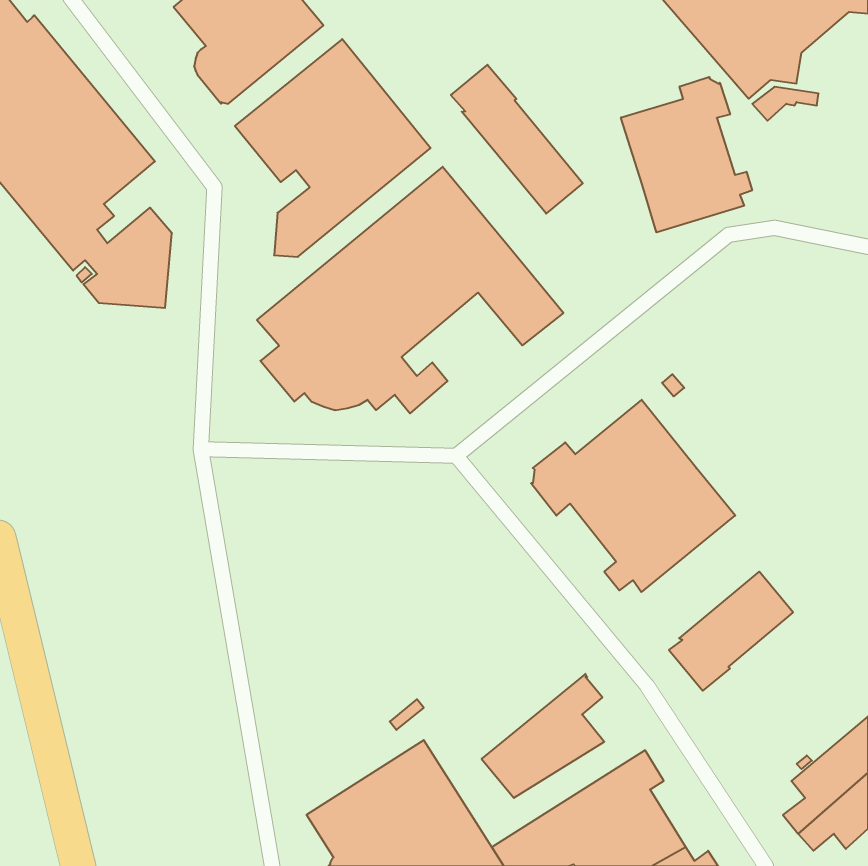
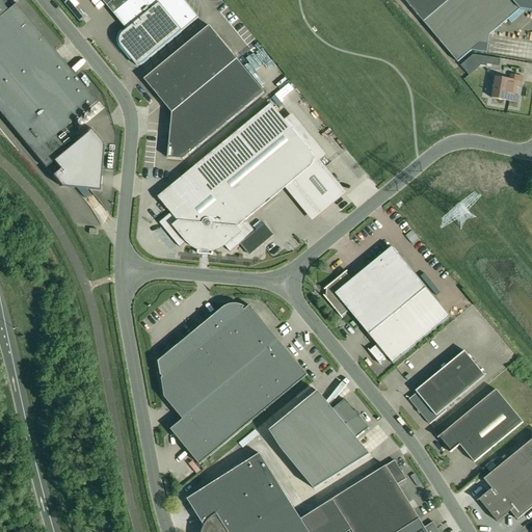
building: [451,65,583,214] -> none
building: [621,77,752,232] -> none
building: none -> [490,73,522,101]
building: none -> [158,302,307,462]
building: none -> [438,388,523,460]
building: none -> [269,390,357,463]

